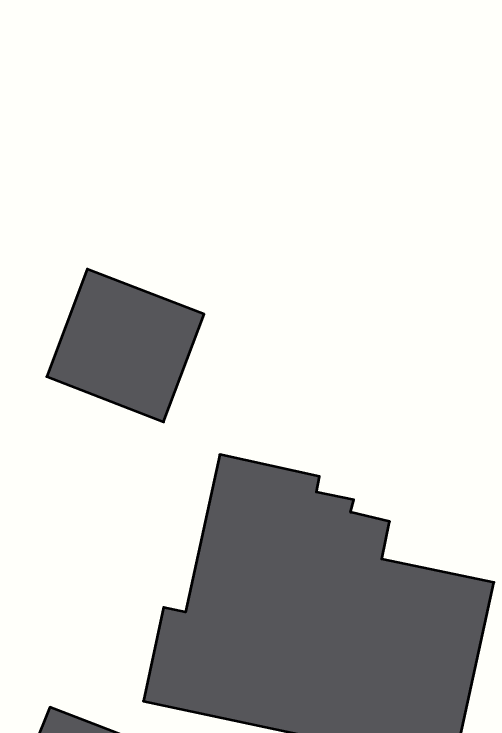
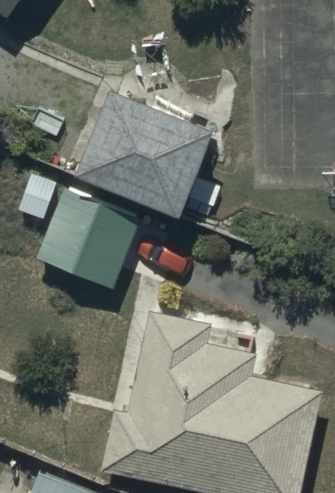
building: none -> [77,87,211,214]

